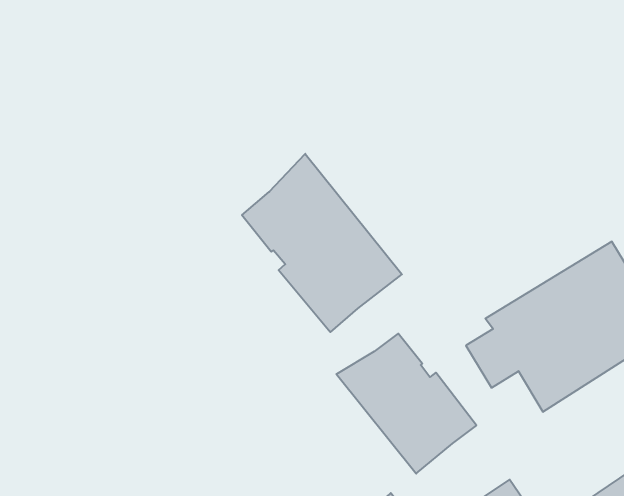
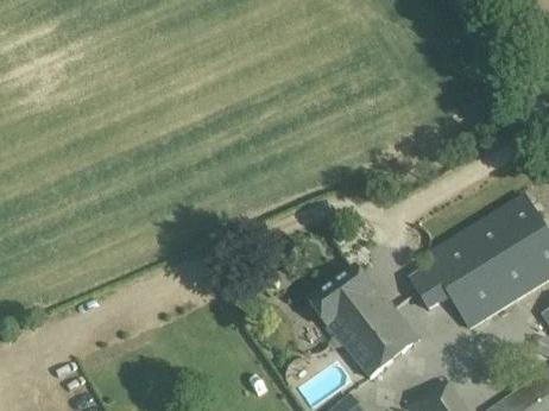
building: [242,154,402,332] -> none

